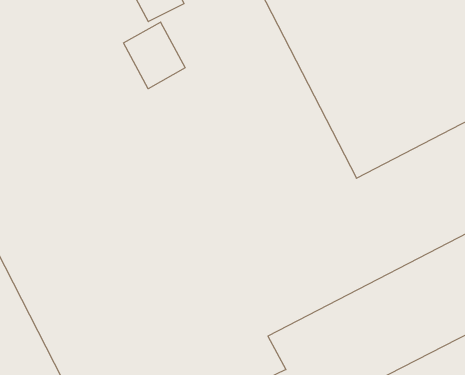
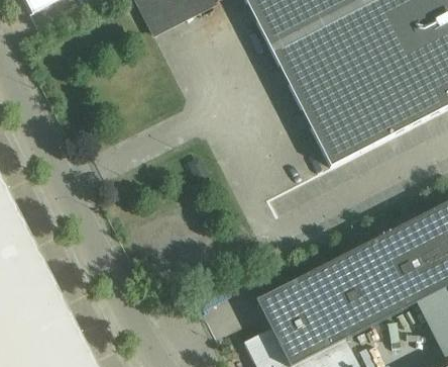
building: [124,22,185,89] -> none

